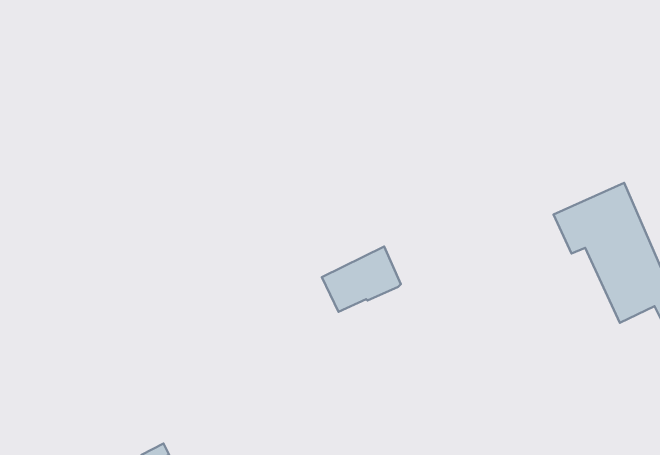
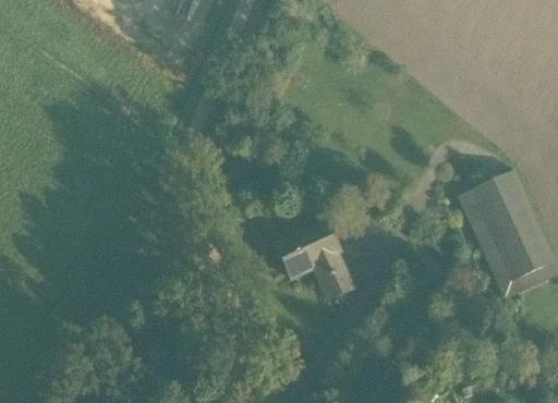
building: none -> [311,253,351,300]

